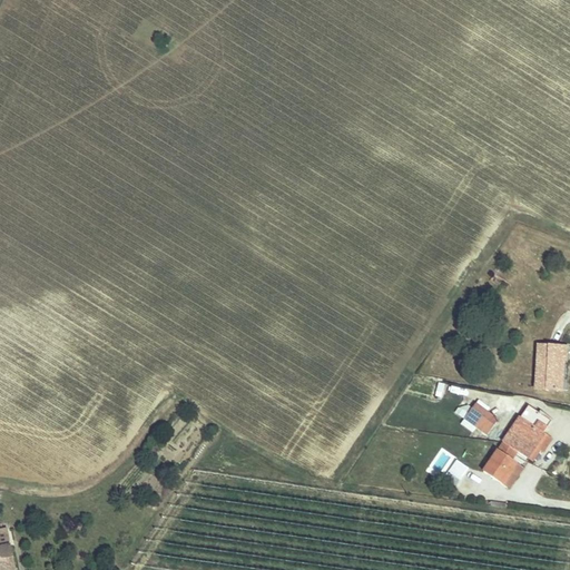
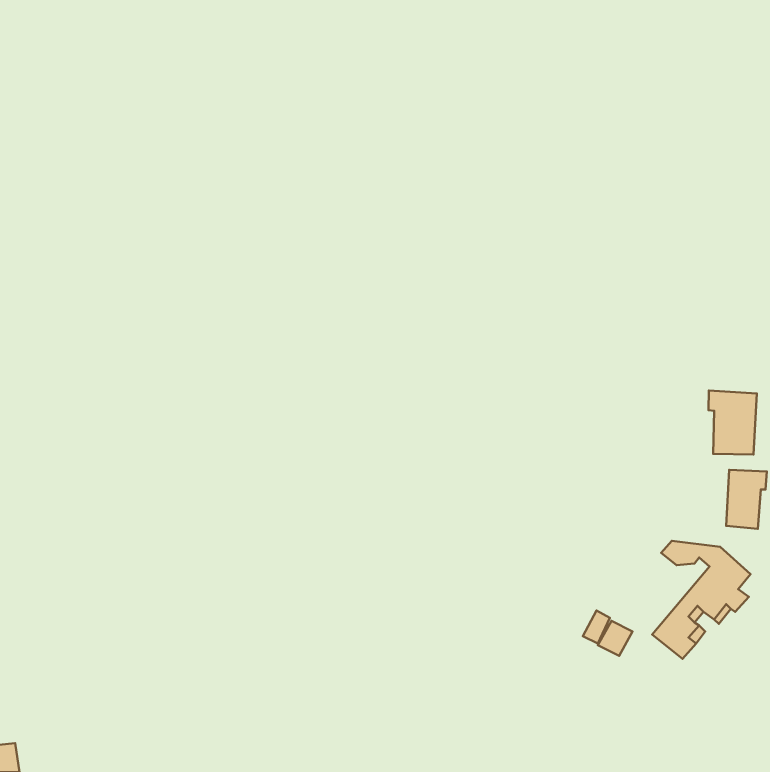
building: none -> [708,390,757,455]
building: [465,399,499,431] -> none

